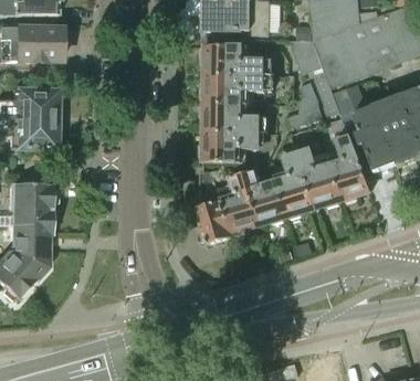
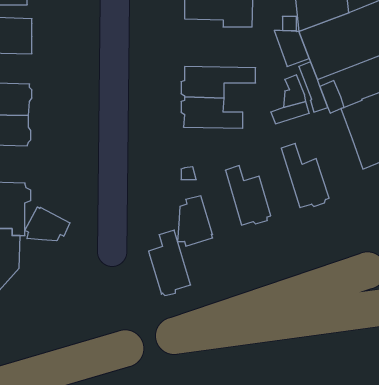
building: [203,44,274,75] -> none
building: [201,131,261,162] -> none
building: [330,135,370,201] -> none
building: [276,151,315,218] -> none
building: [220,172,260,234] -> [149,230,191,295]
building: none -> [25,207,70,241]

